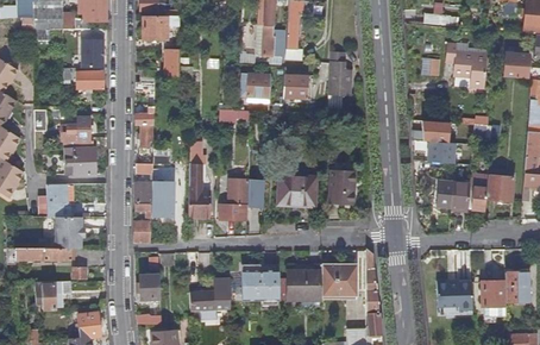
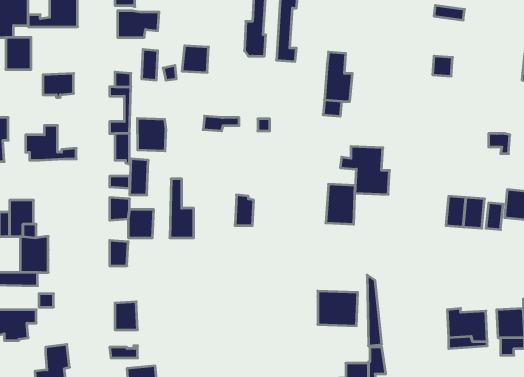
building: [81,39,103,68] -> [6,37,31,69]
building: [446,42,486,87] -> none
building: [283,67,308,99] -> none
building: [246,73,270,96] -> [182,46,209,72]
building: none -> [137,118,166,151]
building: [414,118,458,161] -> [340,146,390,194]
building: [65,148,95,174] -> none
building: [278,174,316,206] -> none
building: [219,177,249,219] -> none
building: [241,264,278,300] -> none
building: [288,269,321,297] -> none
building: [189,277,230,312] -> none

